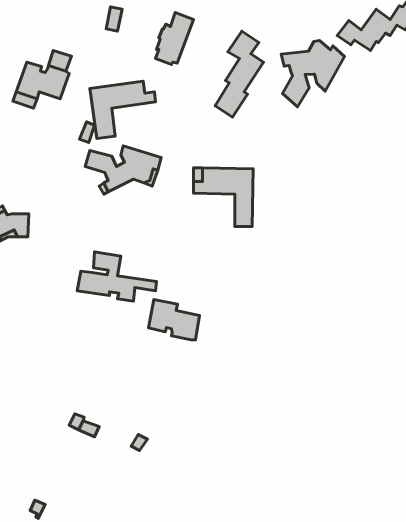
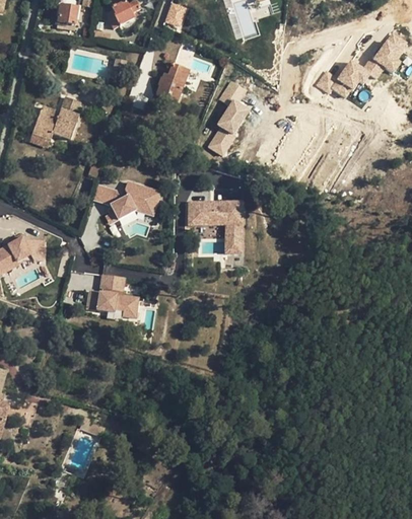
building: [281,40,345,107] -> none
building: [90,81,156,139] -> none
building: [148,299,200,340] -> none

